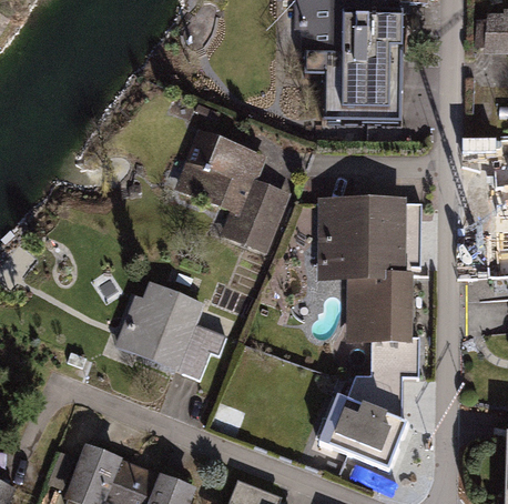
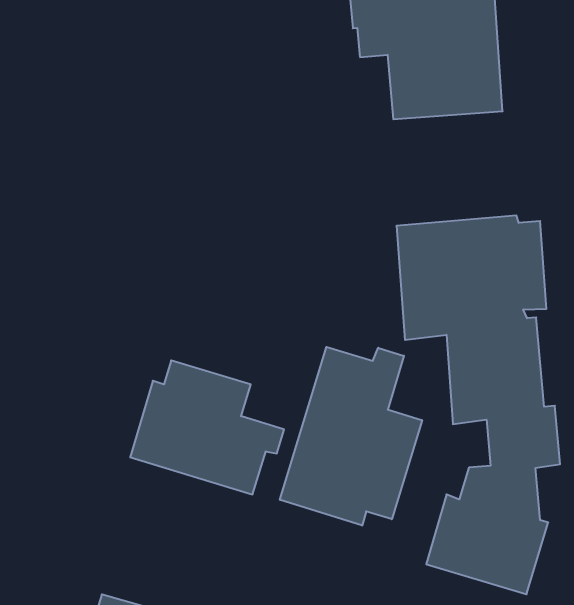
building: [175,128,292,253] -> none
building: none -> [280,347,422,526]

